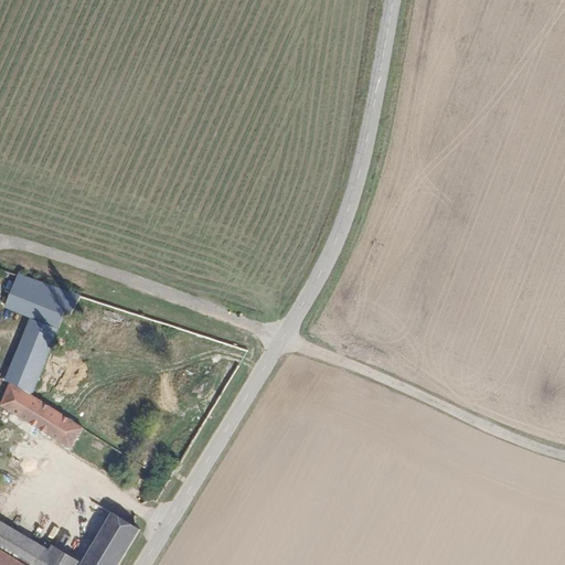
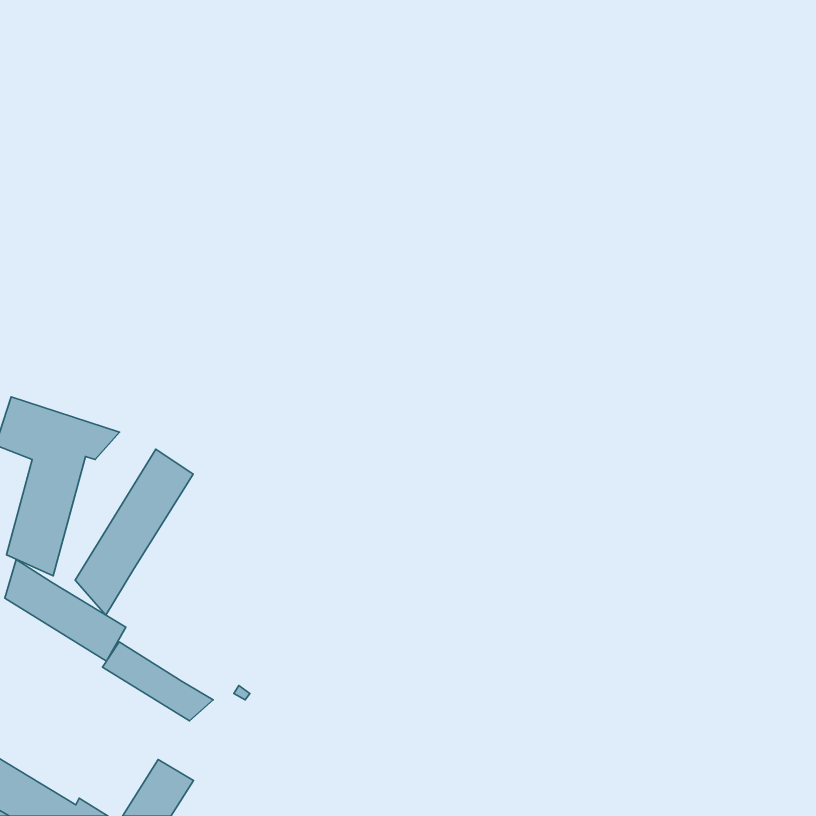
building: none -> [75,449,193,615]
building: none -> [102,642,213,721]

